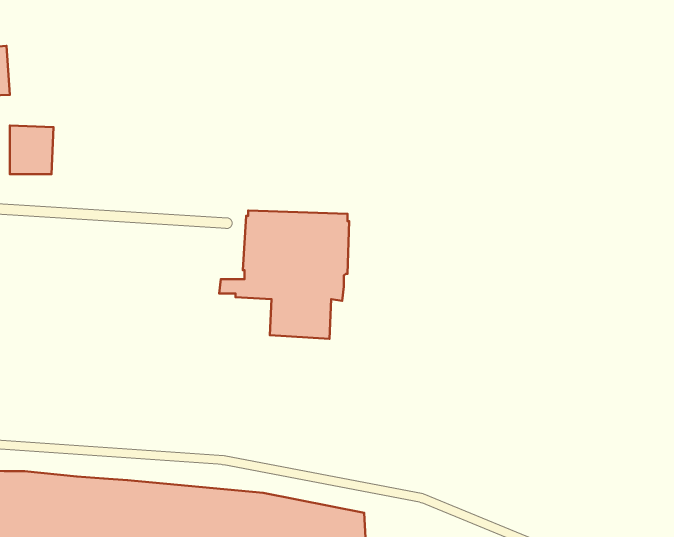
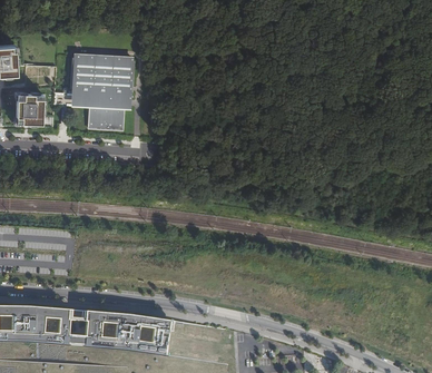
building: [219,210,349,339] -> [56,52,136,131]

